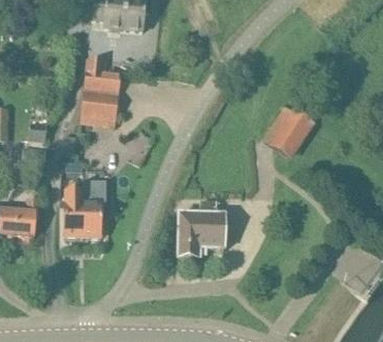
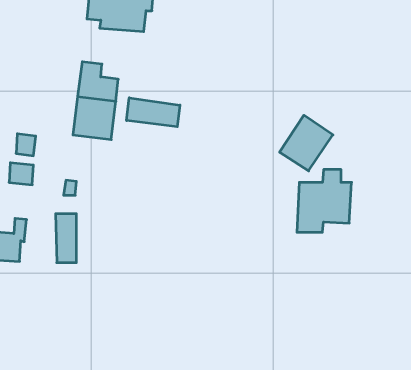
building: none -> [127,98,180,127]
building: [83,180,106,236] -> none
building: [177,200,225,256] -> [297,170,352,232]

